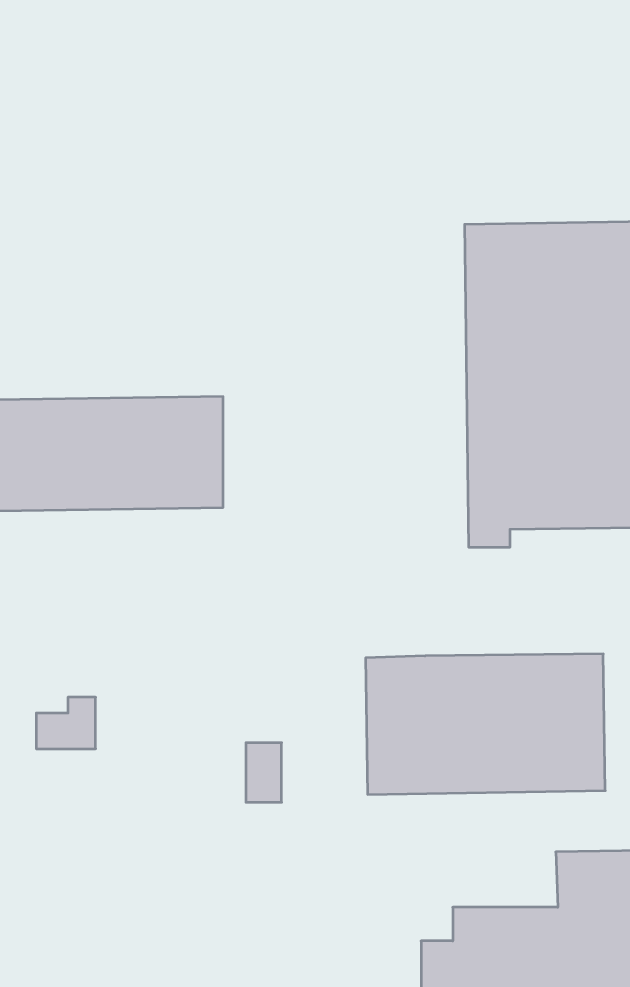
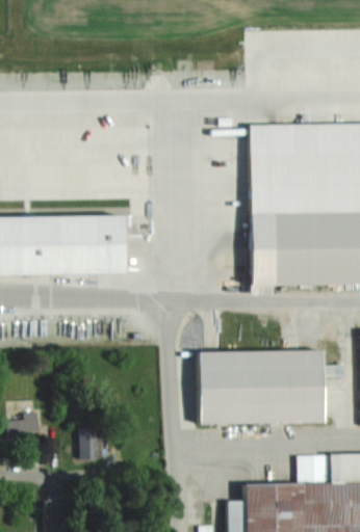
building: [36,697,96,749] -> [10,413,42,440]
building: [246,743,282,802] -> [81,428,100,459]

